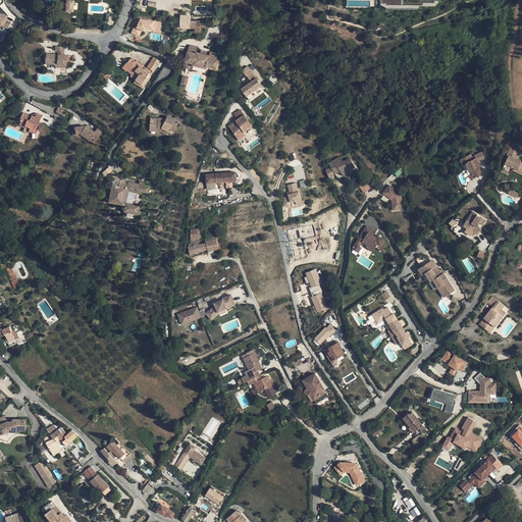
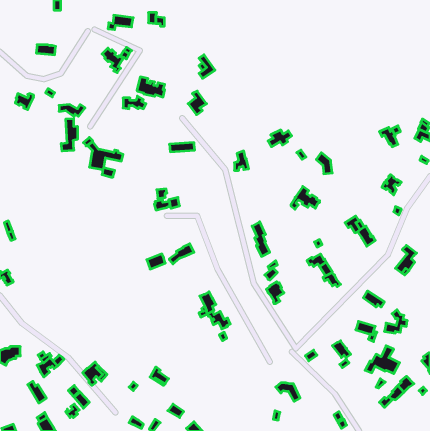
building: [184,45,217,69] -> [137,77,165,97]
building: none -> [61,119,77,151]
building: [302,373,327,403] -> none

